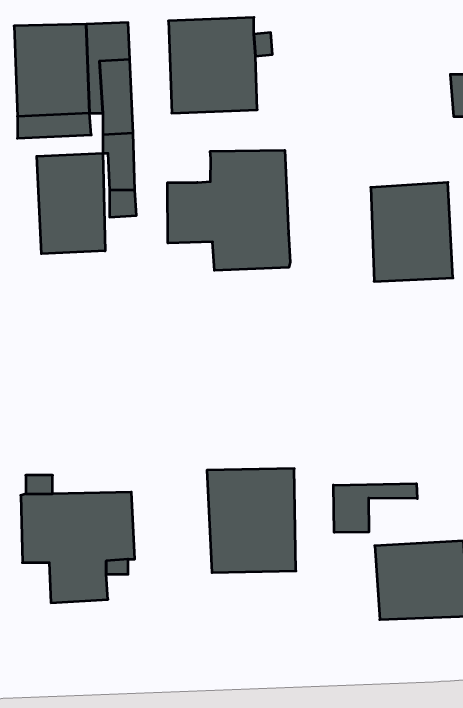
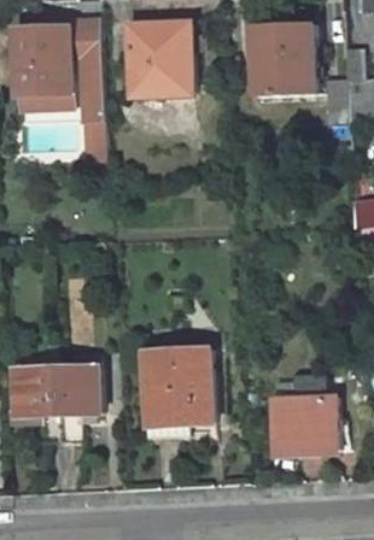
building: [168,150,290,270] -> none
building: [37,153,105,254] -> none
building: [371,182,453,281] -> [257,24,316,95]
building: [333,484,417,532] -> none

